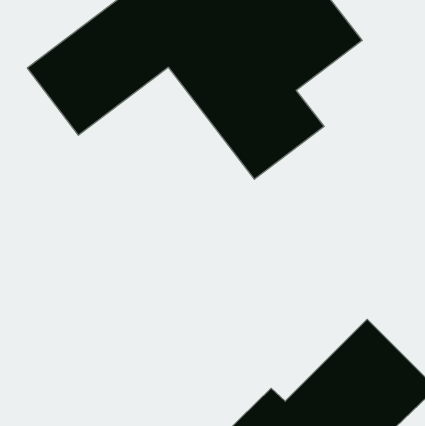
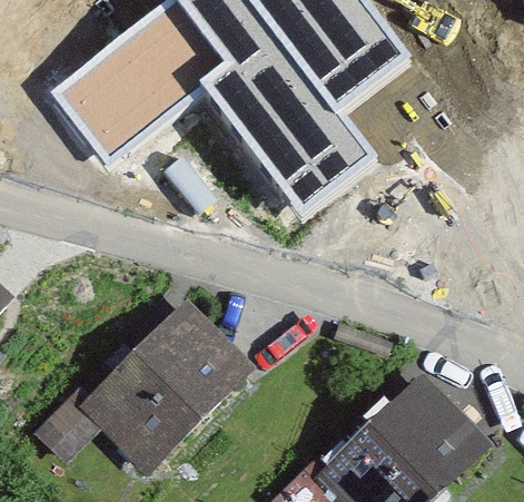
building: none -> [29,307,246,473]

